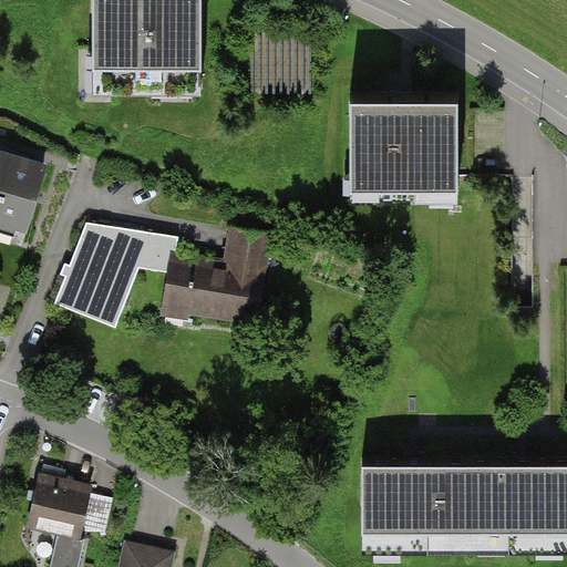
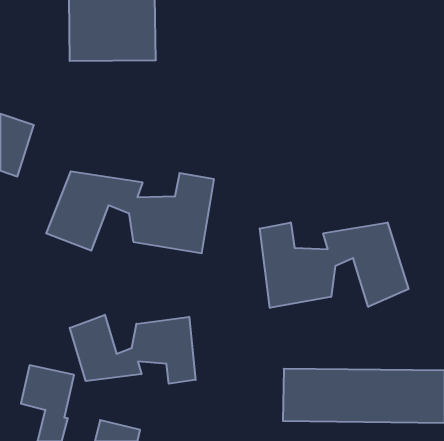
building: [347,112,457,194] -> none
building: none -> [260,222,409,308]
building: none -> [70,315,196,384]

